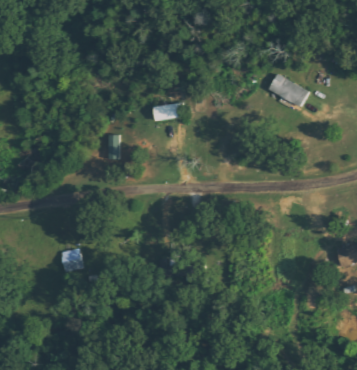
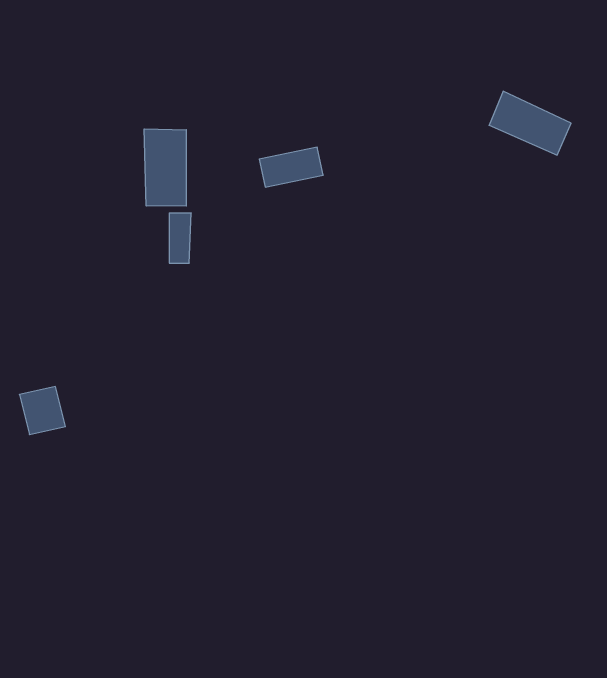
building: none -> [144,129,186,206]
building: [60,248,83,272] -> [19,387,65,435]

